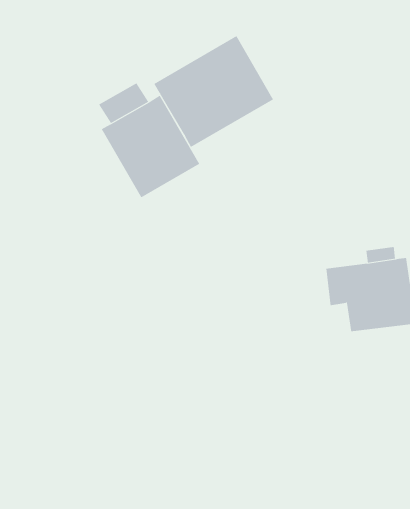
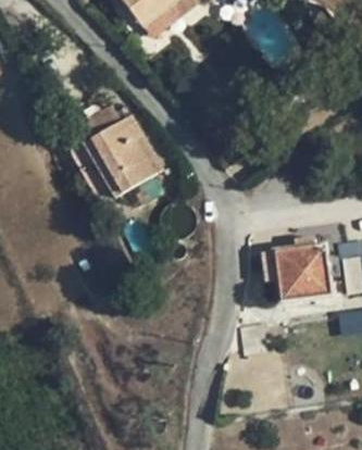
building: [154,35,274,148] -> none

